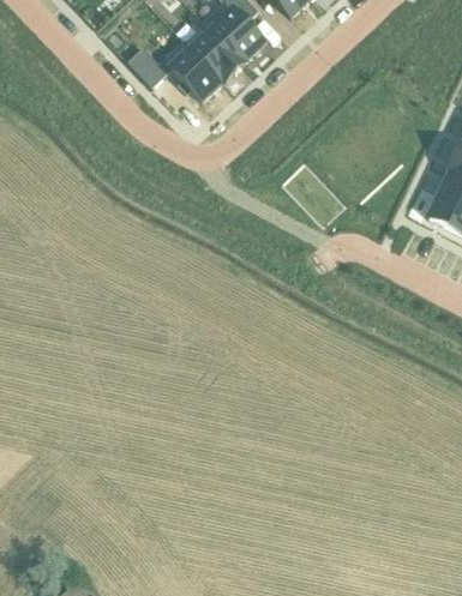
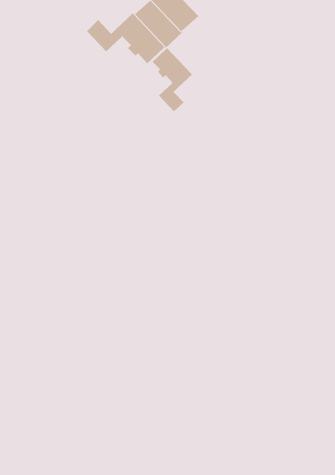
building: none -> [152,47,193,112]

